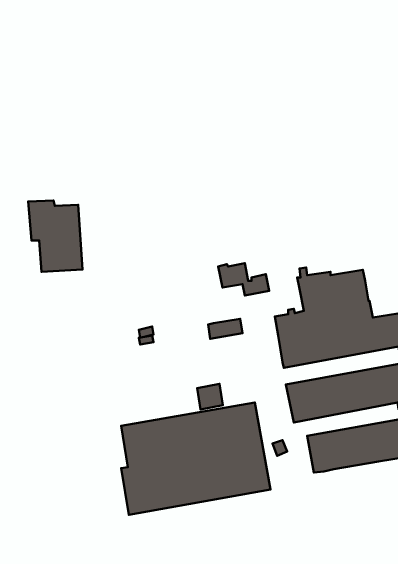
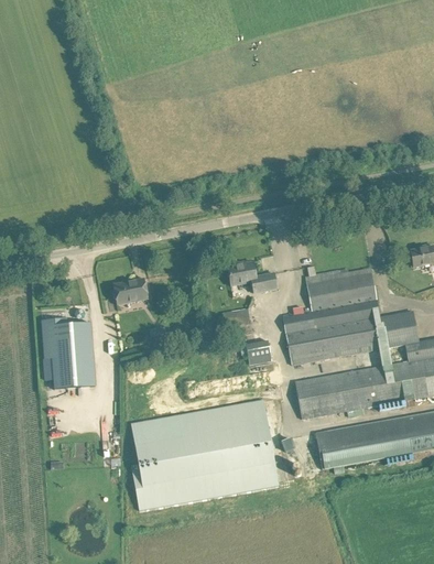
building: [28,200,83,272] -> [41,317,95,388]
building: none -> [112,278,148,304]
building: [197,384,223,409] -> [246,339,271,365]

